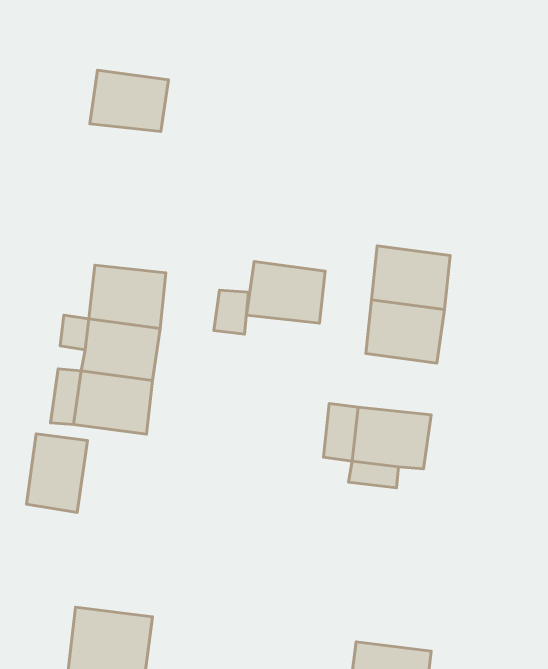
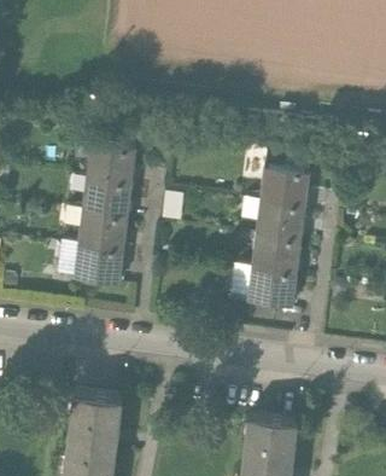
building: [90,70,169,132] -> [87,144,136,182]
building: [246,262,325,323] -> [252,233,302,272]
building: [26,434,87,513] -> none

